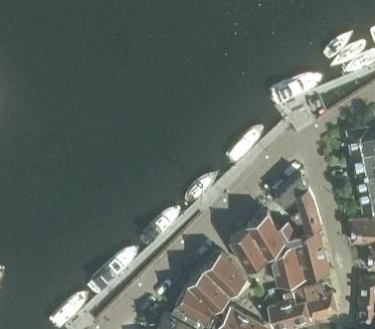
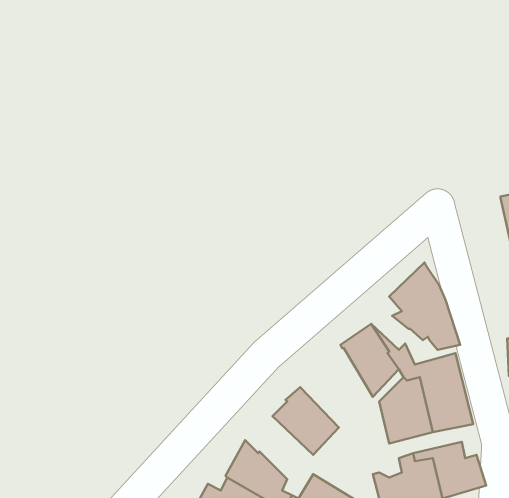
building: [229,228,267,271] -> none
building: [188,271,230,310] -> none

